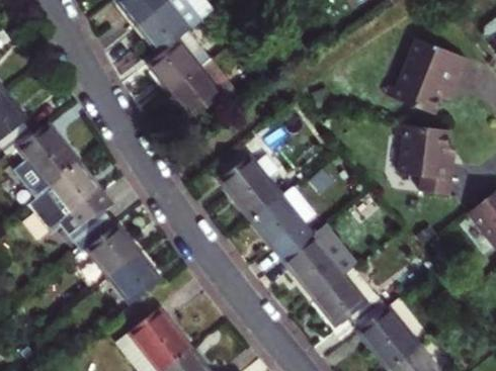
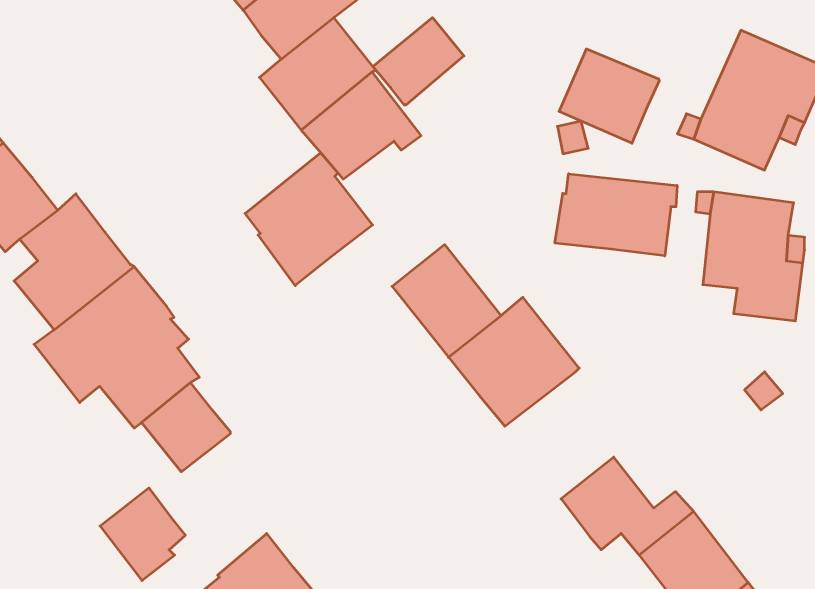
building: none -> [373,18,464,105]
building: none -> [559,49,659,143]
building: none -> [245,153,373,286]
building: none -> [555,174,677,256]
building: [286,225,357,296] -> none
building: [106,260,154,311] -> [100,488,185,581]

